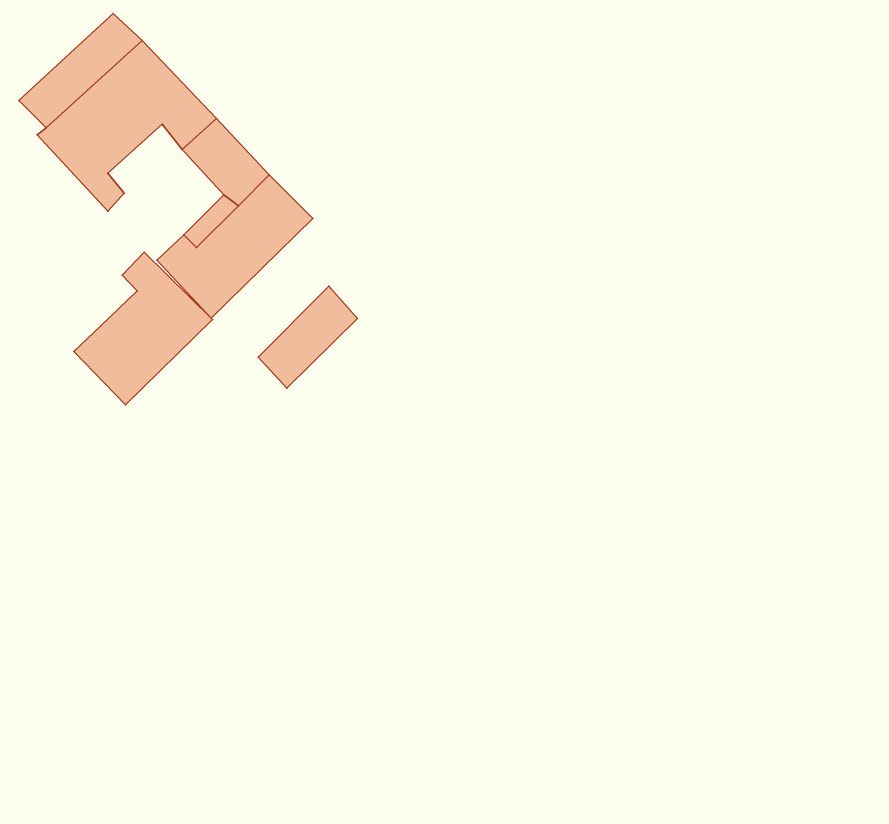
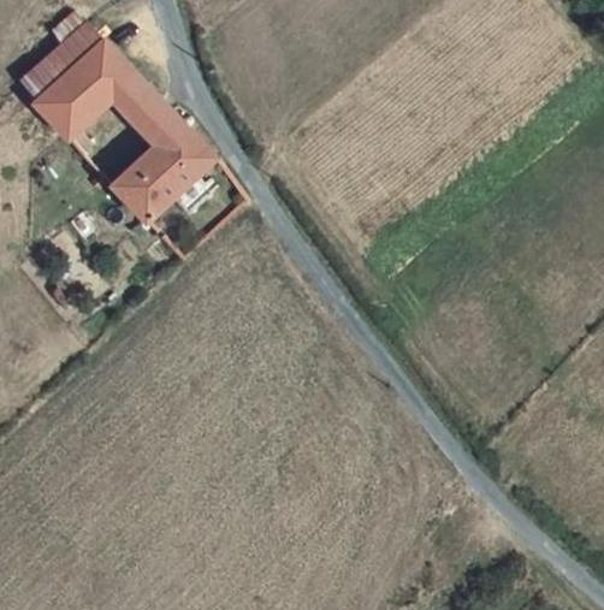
building: [74,252,212,405] -> none
building: [258,286,357,388] -> none

